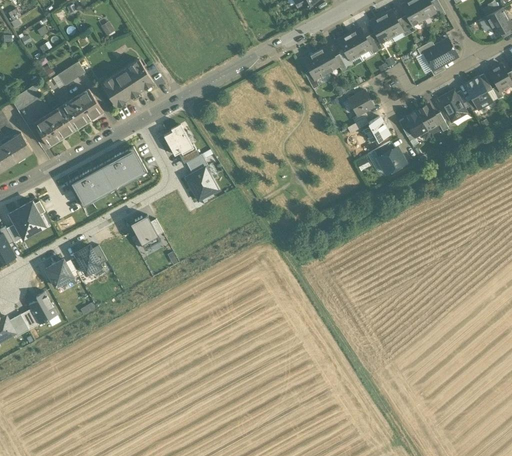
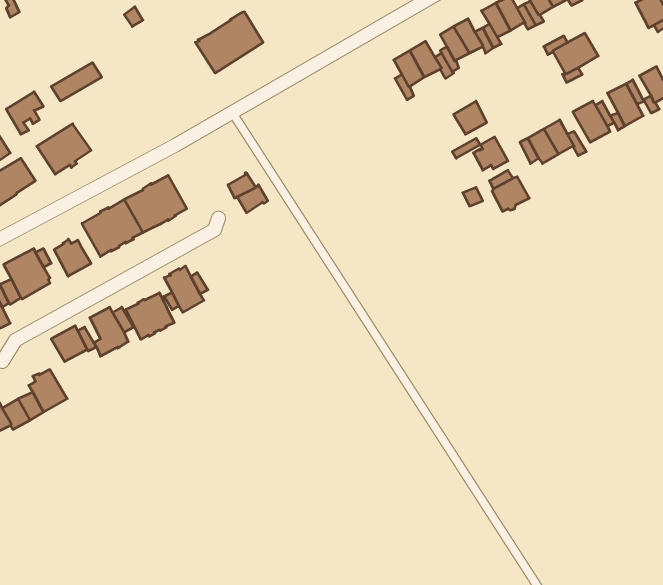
building: [101,60,152,106] -> [195,12,263,73]
building: [61,89,102,129] -> none
building: [163,123,192,155] -> none
building: [185,166,217,200] -> none
building: none -> [54,239,91,276]
building: none -> [126,293,174,339]

